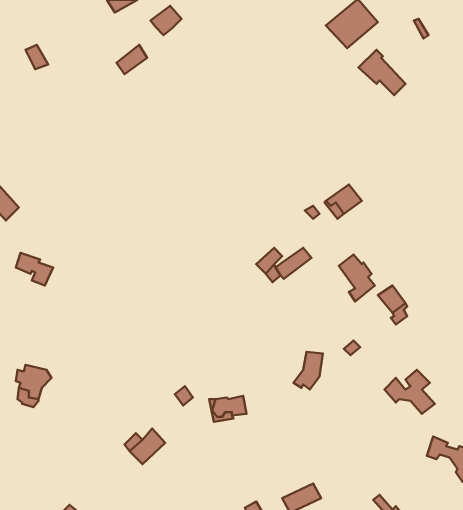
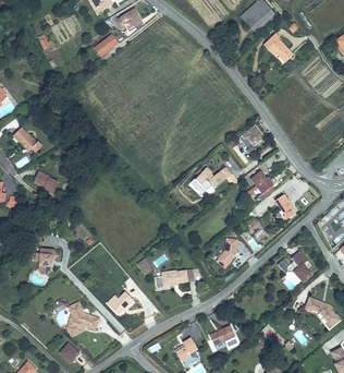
building: none -> [66,300,97,335]

